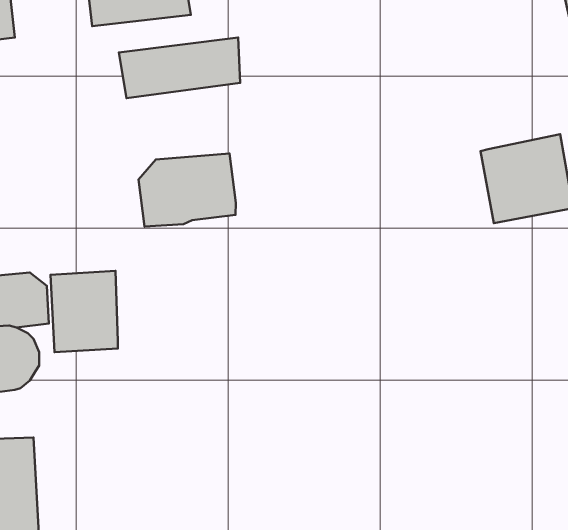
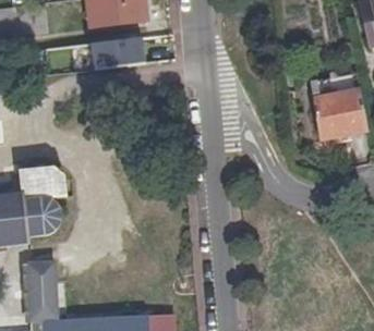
building: [138,154,236,226] -> none
building: [51,271,118,352] -> none

